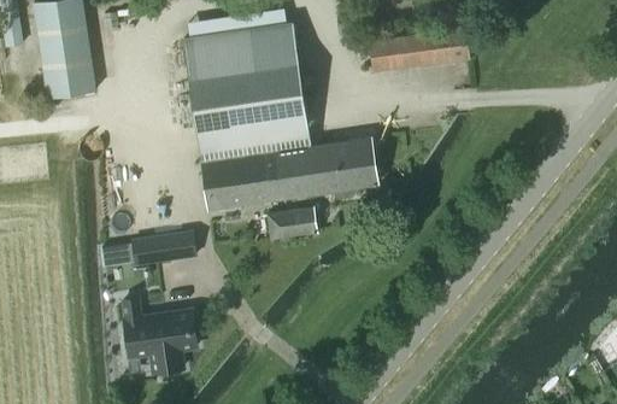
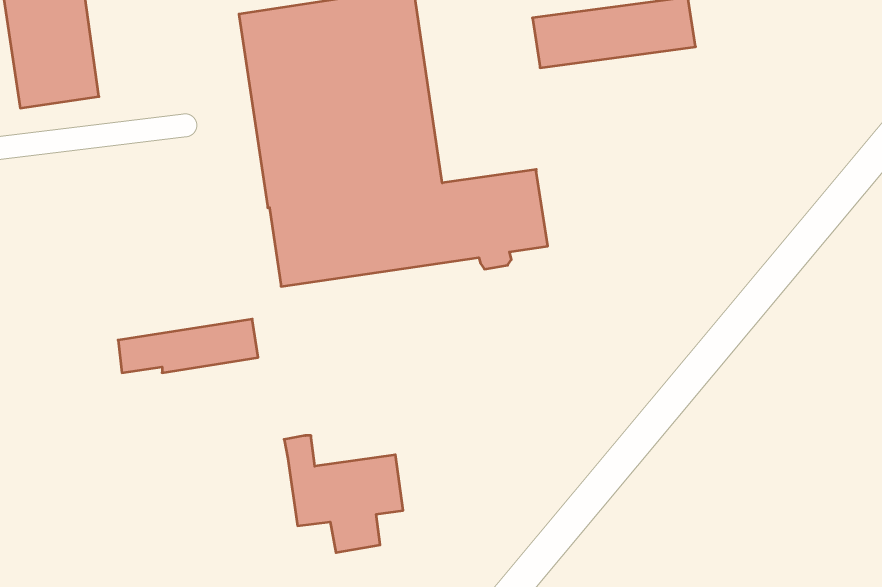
building: [268,207,317,239] -> none
building: [122,299,196,373] -> [284,436,403,553]

